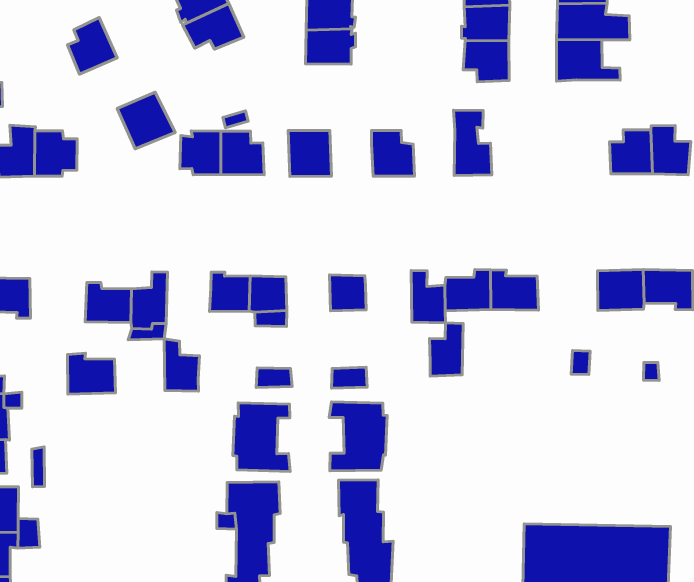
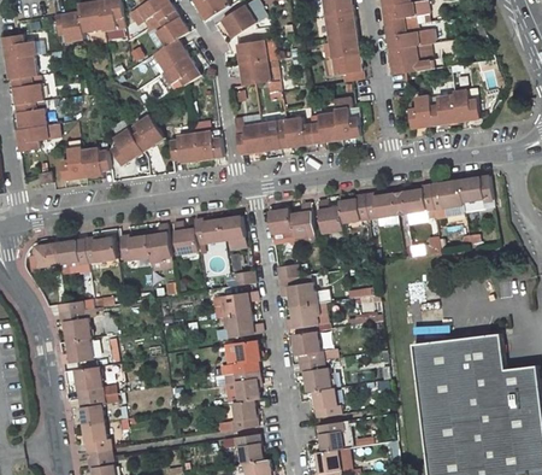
building: [68,18,117,74] -> [111,128,142,164]
building: none -> [410,96,434,128]
building: none -> [311,112,338,143]
building: none -> [259,121,289,151]
building: none -> [403,186,437,213]
building: [429,323,463,376] -> [294,203,317,238]
building: [164,339,199,391] -> [177,222,202,253]
building: [68,353,116,394] -> [89,236,122,263]

